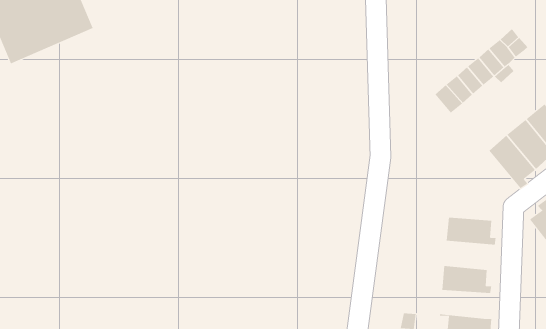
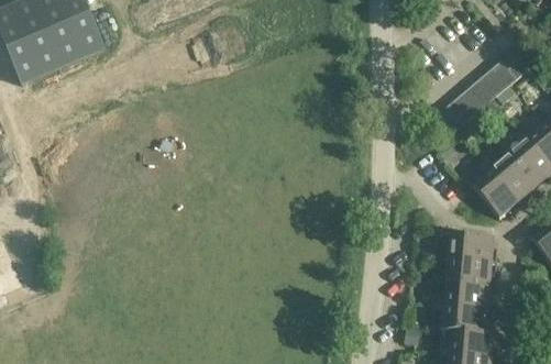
building: none -> [472,168,521,217]
building: none -> [447,256,497,285]
building: none -> [442,305,493,332]

